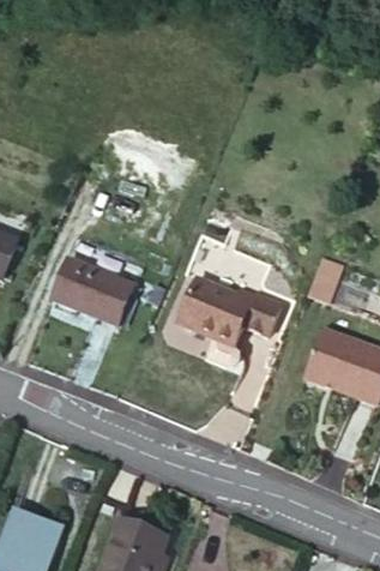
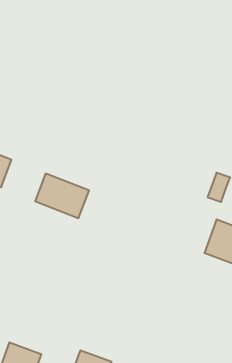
building: [179,277,281,366] -> none

